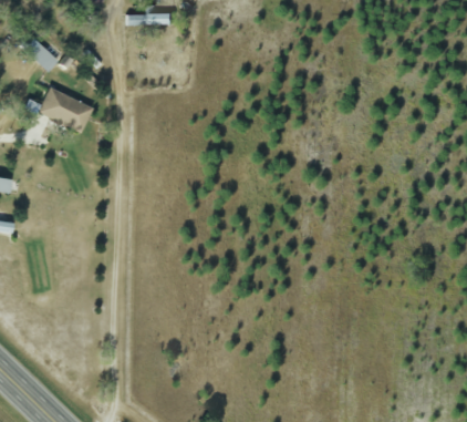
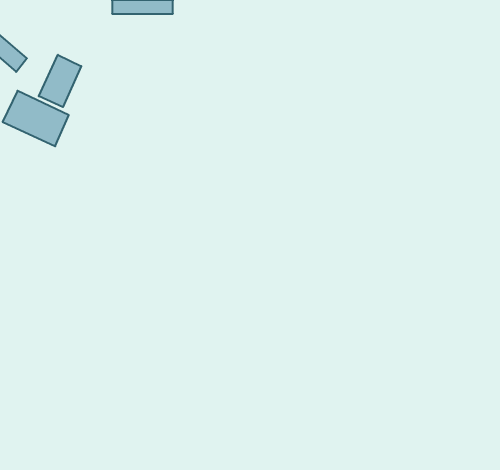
building: none -> [39,55,81,107]

